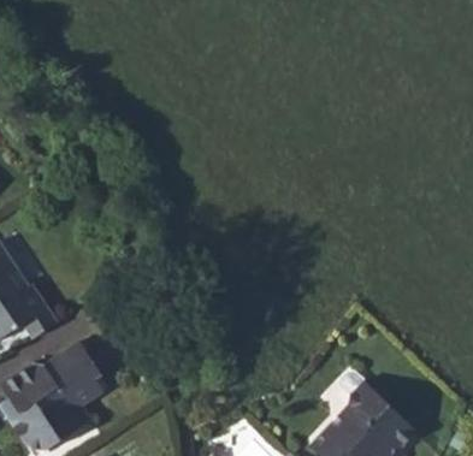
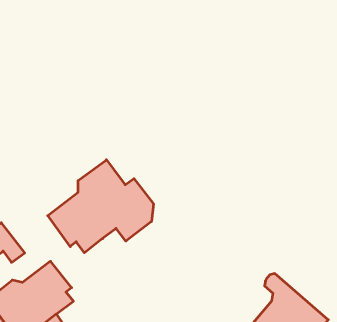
building: none -> [48,160,153,253]

